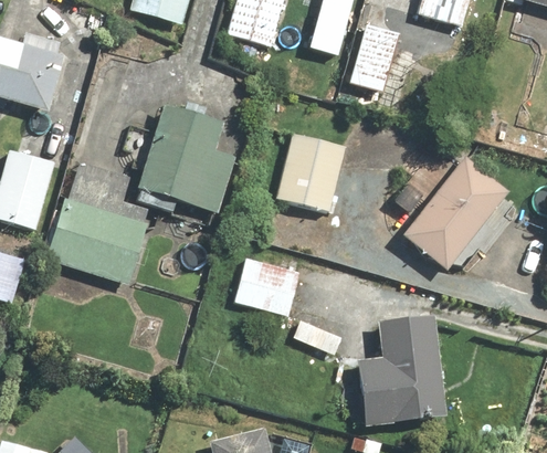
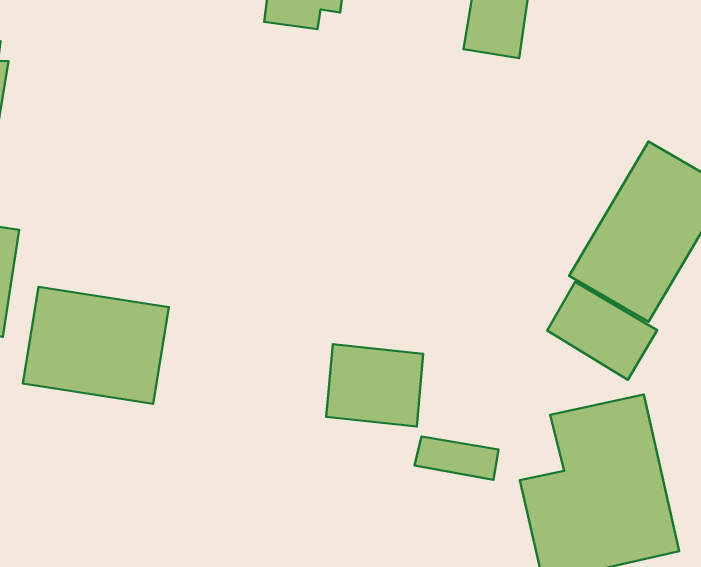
building: [135,105,235,213] -> none
building: [276,135,348,212] -> none
building: none -> [547,282,657,380]

